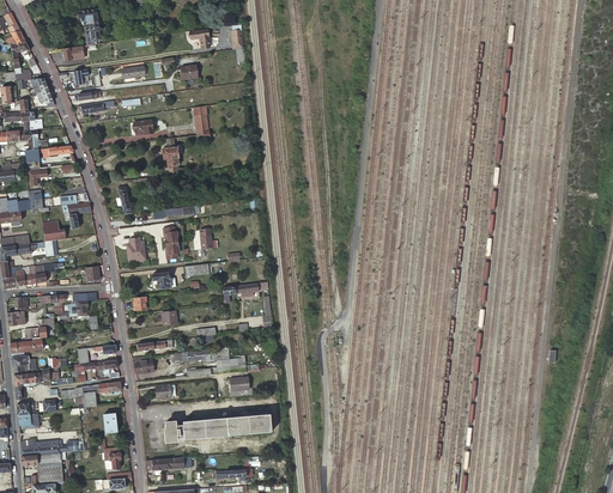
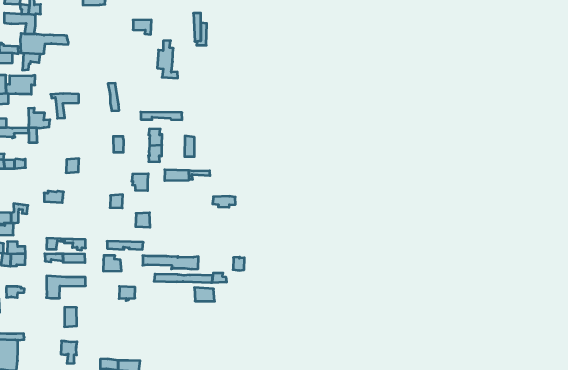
building: [166,414,272,440] -> none

